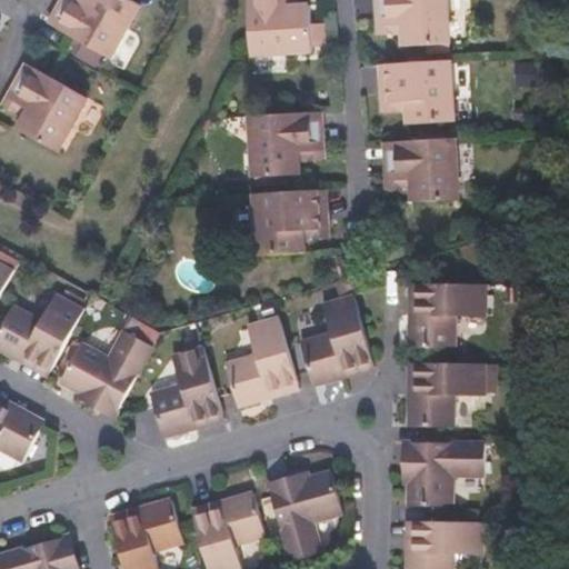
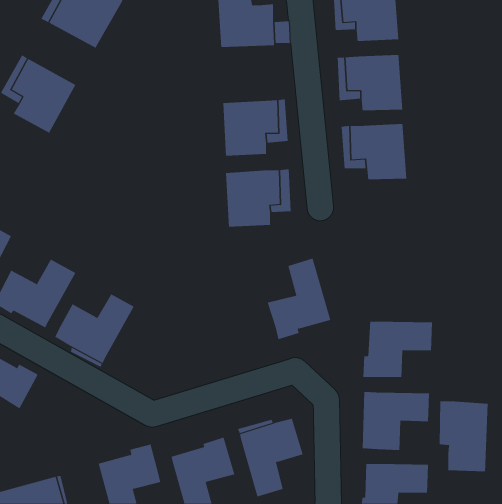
building: [411,282,490,348] -> none
building: [224,312,298,403] -> none
building: [149,342,223,435] -> none
building: none -> [439,401,488,472]

